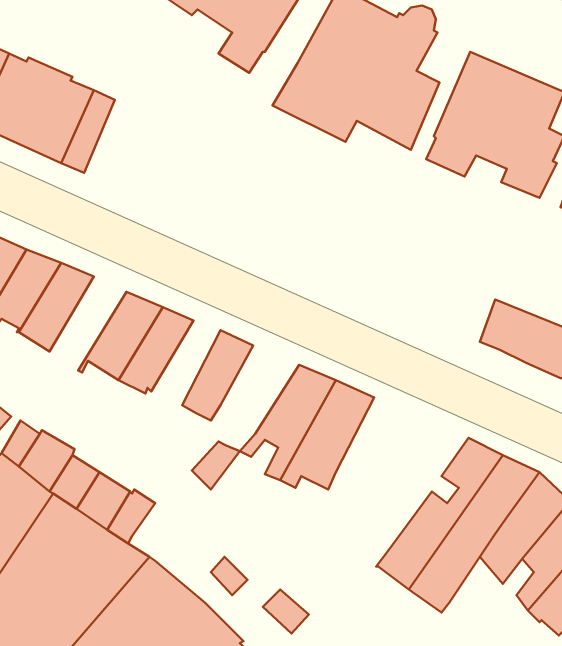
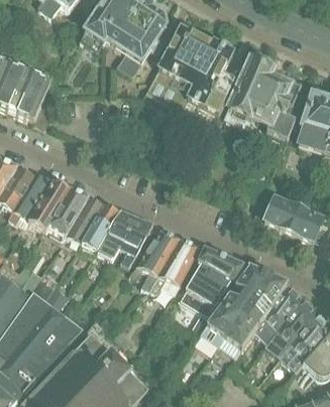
building: none -> [26,179,68,229]
building: none -> [78,202,117,249]
building: none -> [117,216,151,262]
building: none -> [179,245,241,310]

